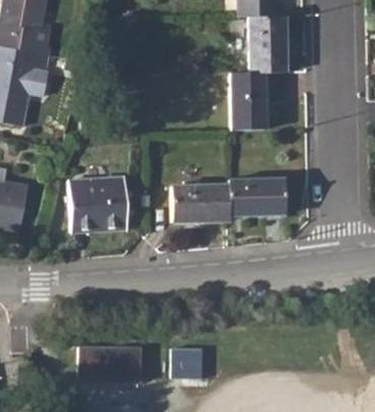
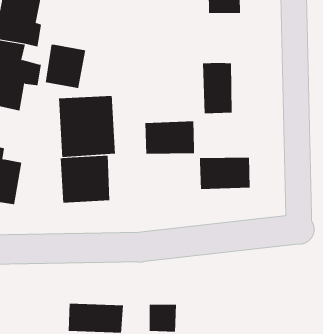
building: [249,16,286,73] -> none
building: none -> [45,44,86,89]
building: none -> [58,95,115,158]
building: [172,184,229,222] -> [145,121,195,154]

